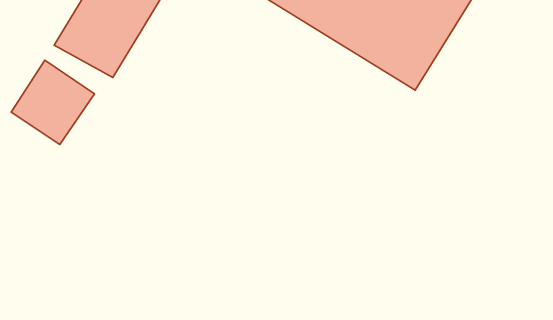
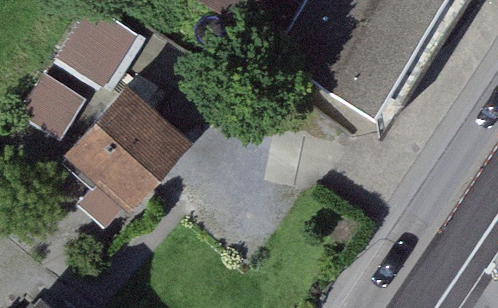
building: none -> [73,94,191,233]

